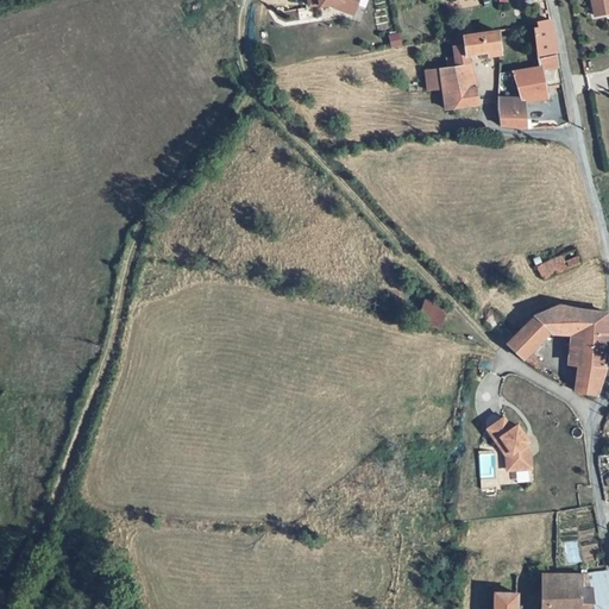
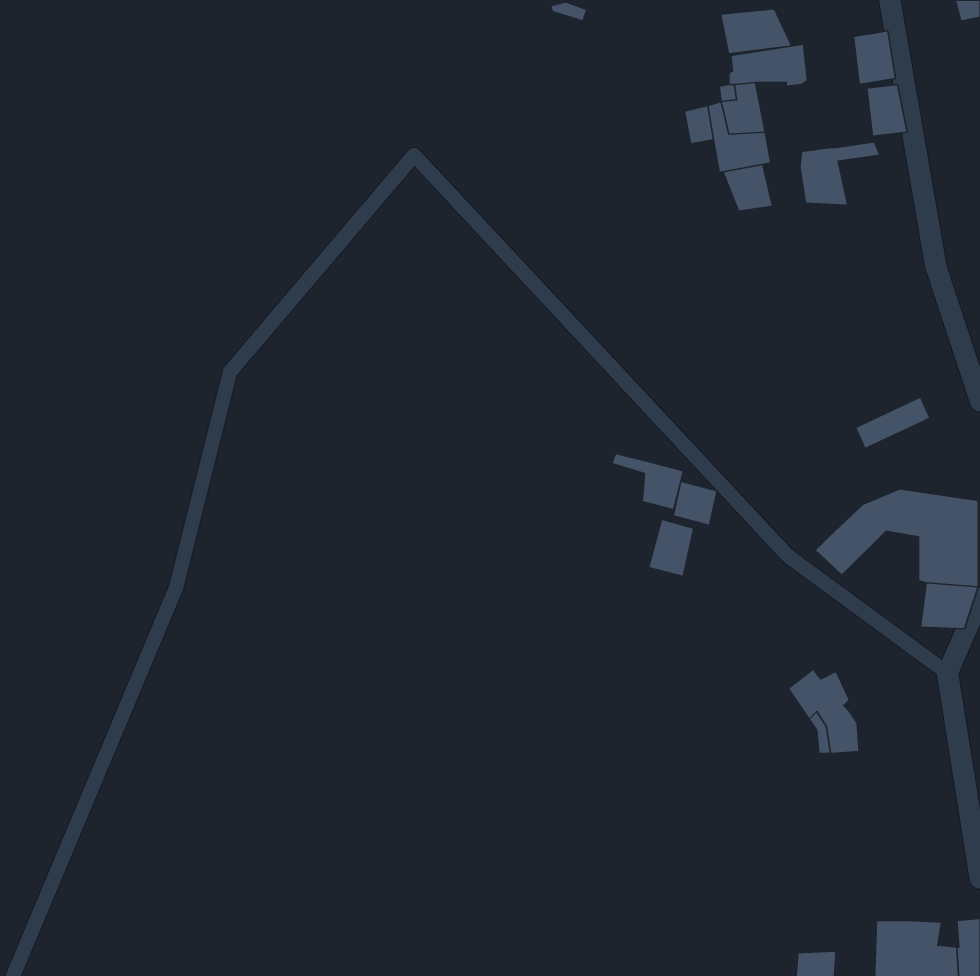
building: none -> [721,9,792,54]
building: [513,57,542,94] -> none
building: none -> [723,164,773,211]
building: none -> [611,453,684,510]
building: none -> [649,519,694,576]

